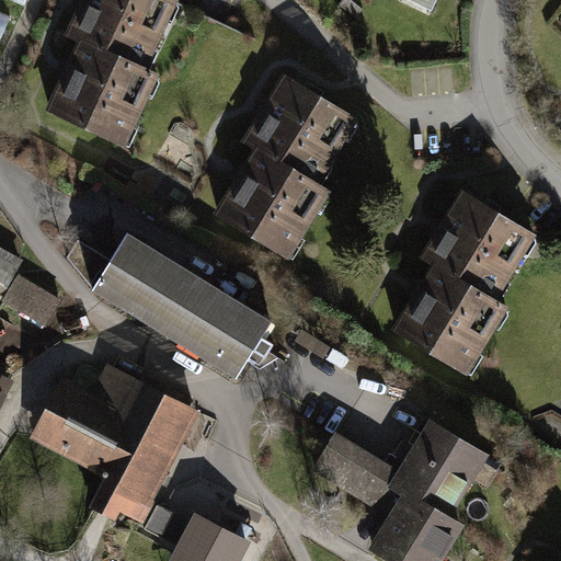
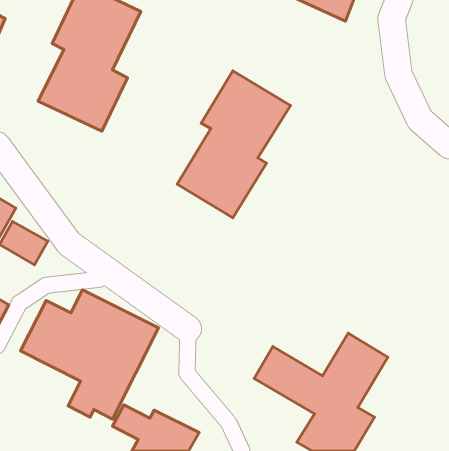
building: [394,203,535,385] -> none
building: [85,224,268,373] -> none

